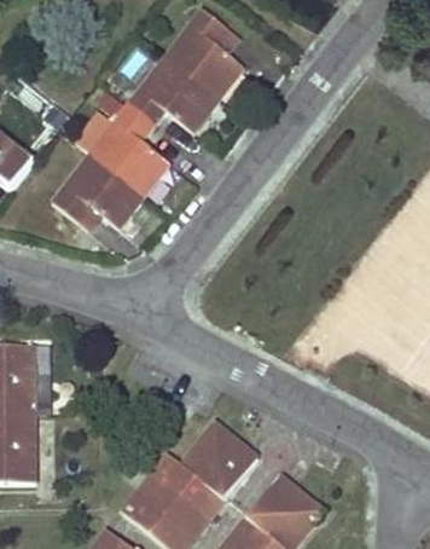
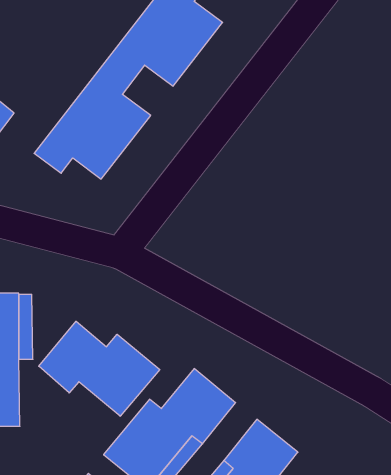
building: none -> [39,321,160,416]

